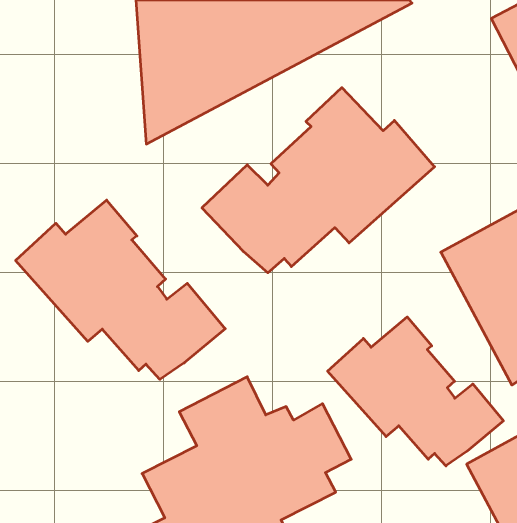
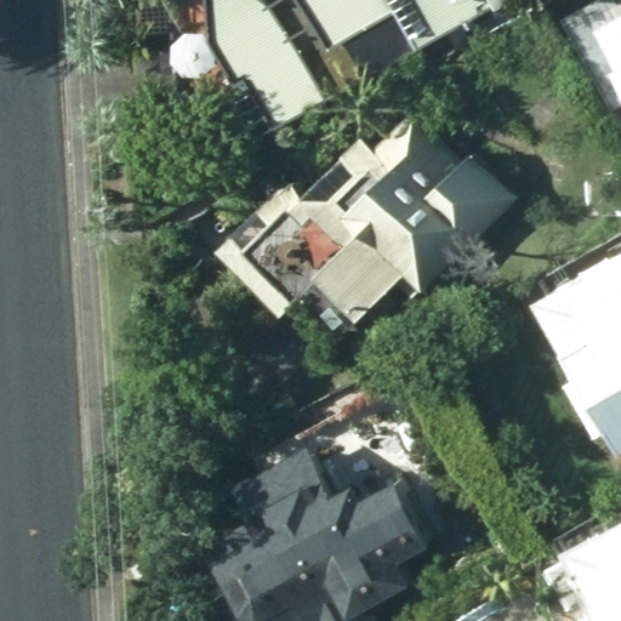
building: [16,200,225,379] -> none
building: [328,317,503,466] -> none

